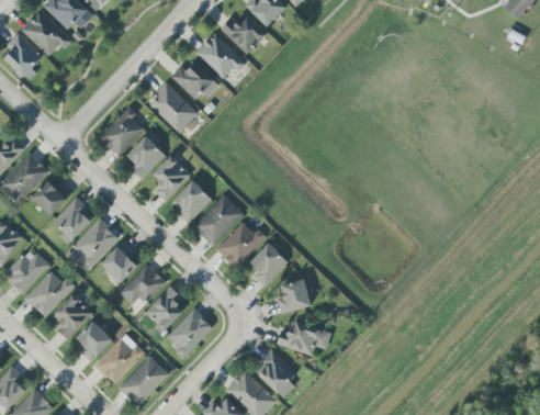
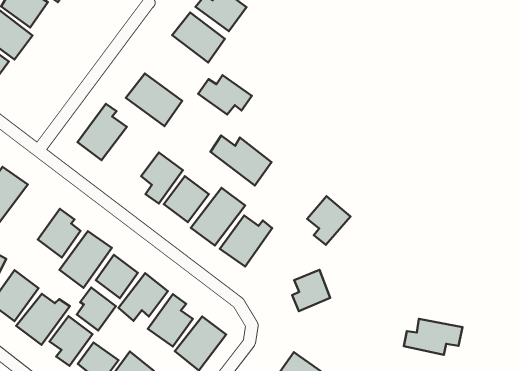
building: [170,63,218,99] -> [198,75,252,115]
building: [126,136,165,179] -> none
building: none -> [211,135,272,186]
building: [31,180,70,215] -> none
building: [249,243,289,287] -> [307,196,351,245]
building: none -> [77,288,116,331]
building: [277,321,331,356] -> [404,319,462,355]

